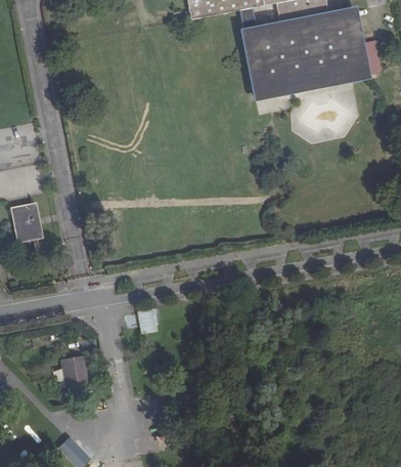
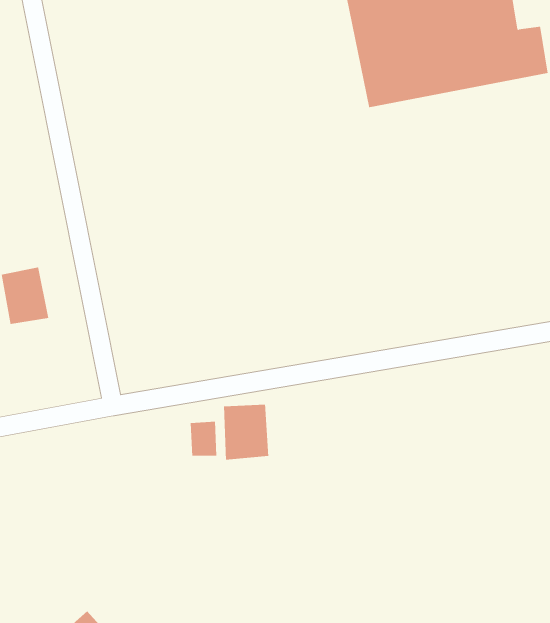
building: none -> [223,404,269,460]
building: [60,356,87,388] -> none

